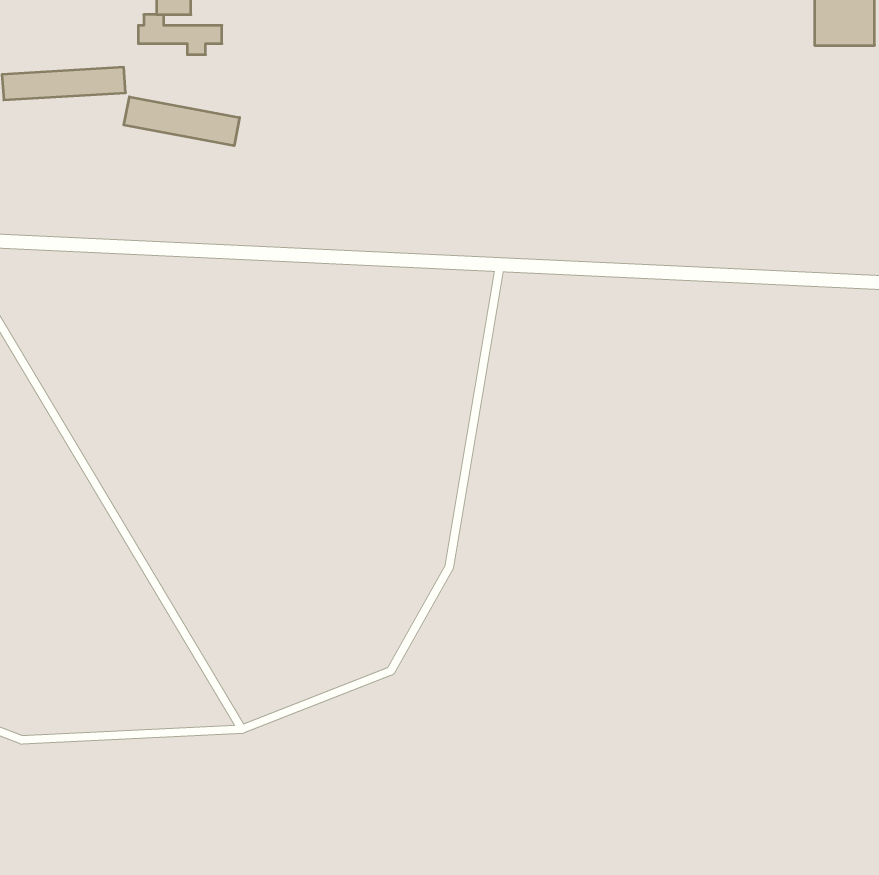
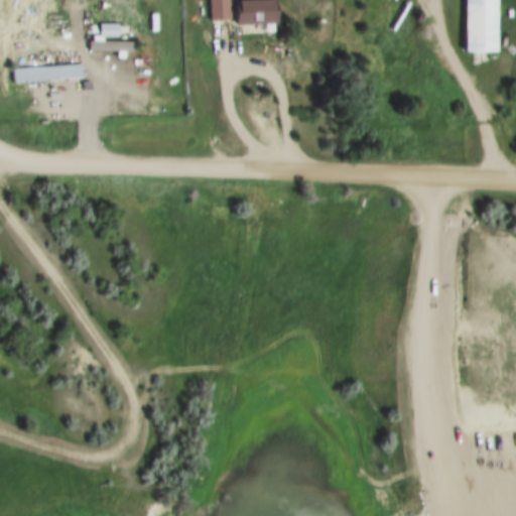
building: [124,97,240,146] -> none

